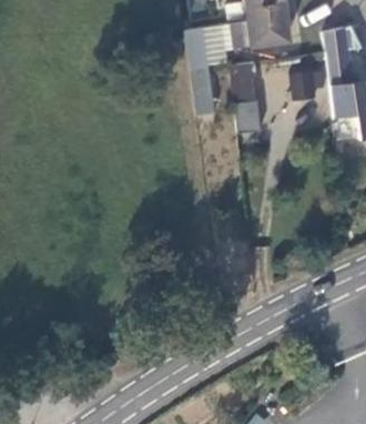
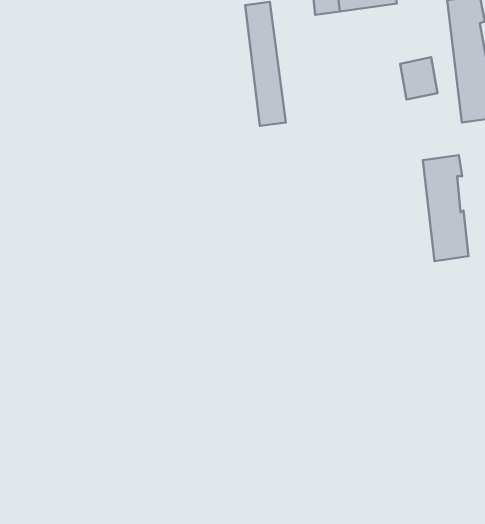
building: [231,61,262,133] -> [423,155,469,261]

